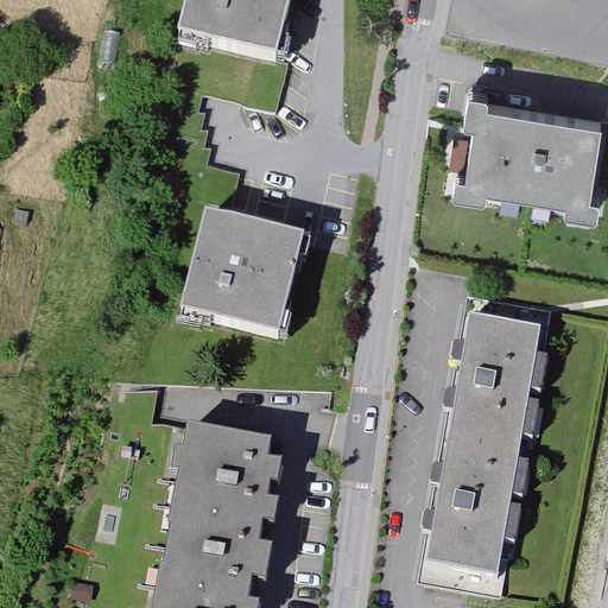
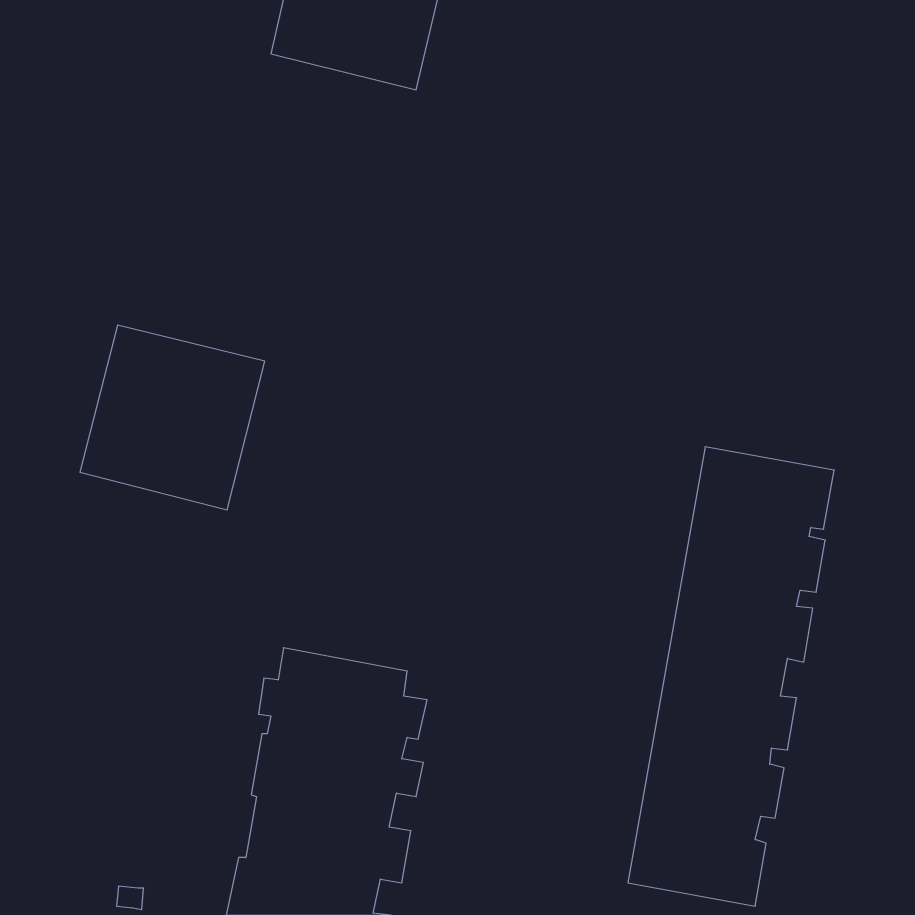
building: [452,89,600,213] -> none
building: [180,216,303,338] -> [80,325,265,510]

